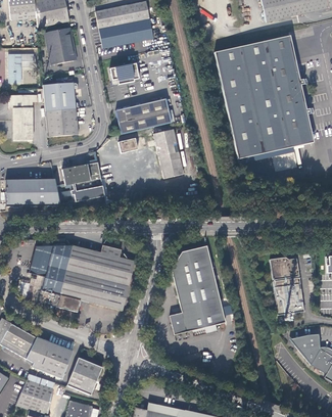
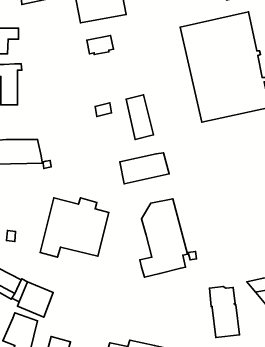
building: [45,28,78,64] -> none
building: [44,81,80,136] -> none
building: [116,99,172,134] -> [120,153,169,184]
building: [62,161,105,201] -> none
building: [30,244,74,306] -> none
building: [270,257,303,314] -> [209,286,240,338]
building: [67,357,102,395] -> none

